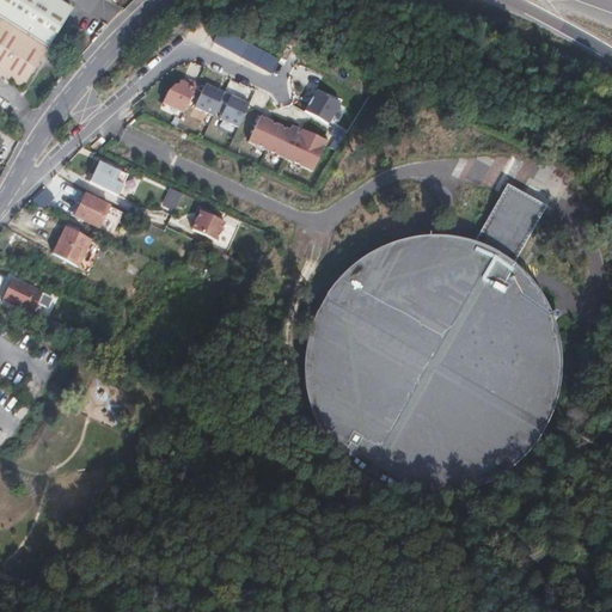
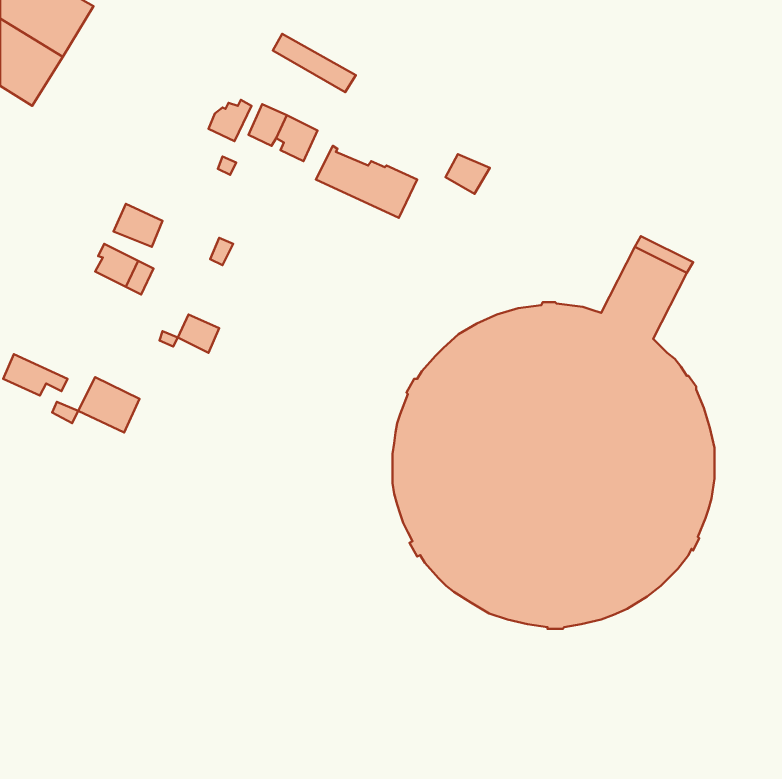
building: [304,92,338,123] -> [445,154,490,194]
building: [192,208,225,238] -> [178,314,219,353]
building: [54,222,102,265] -> [78,377,140,432]

